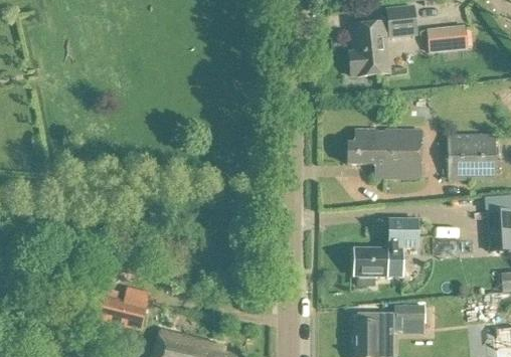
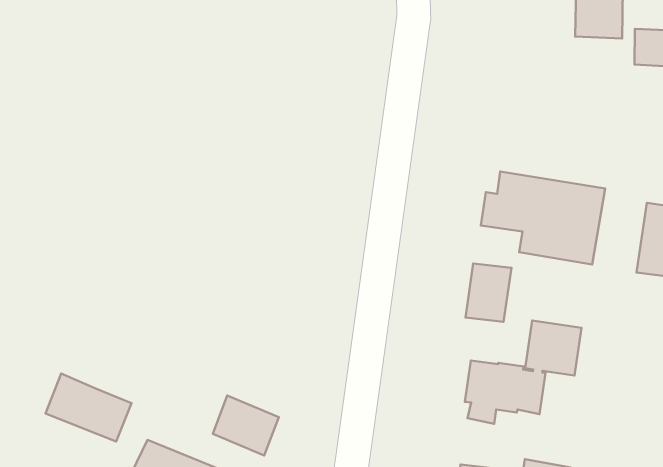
building: [349,21,389,75] -> none
building: none -> [465,264,511,322]
building: none -> [213,396,279,455]

